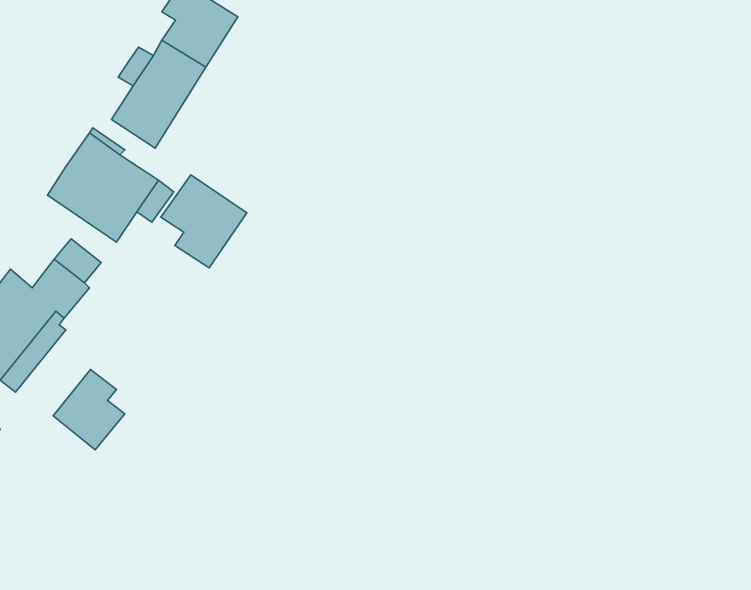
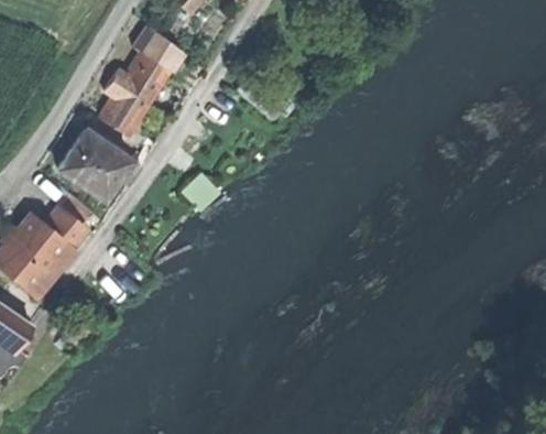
building: [161,175,247,268] -> none
building: [53,369,125,450] -> none

